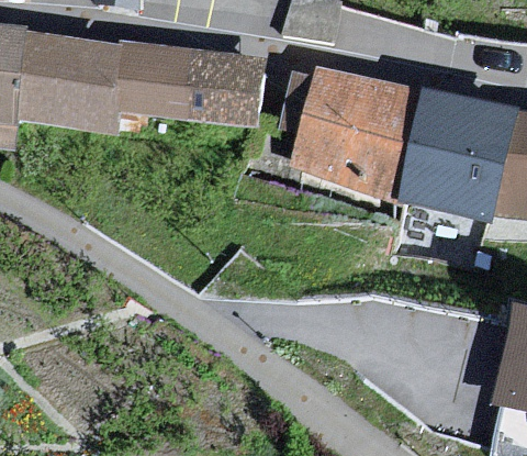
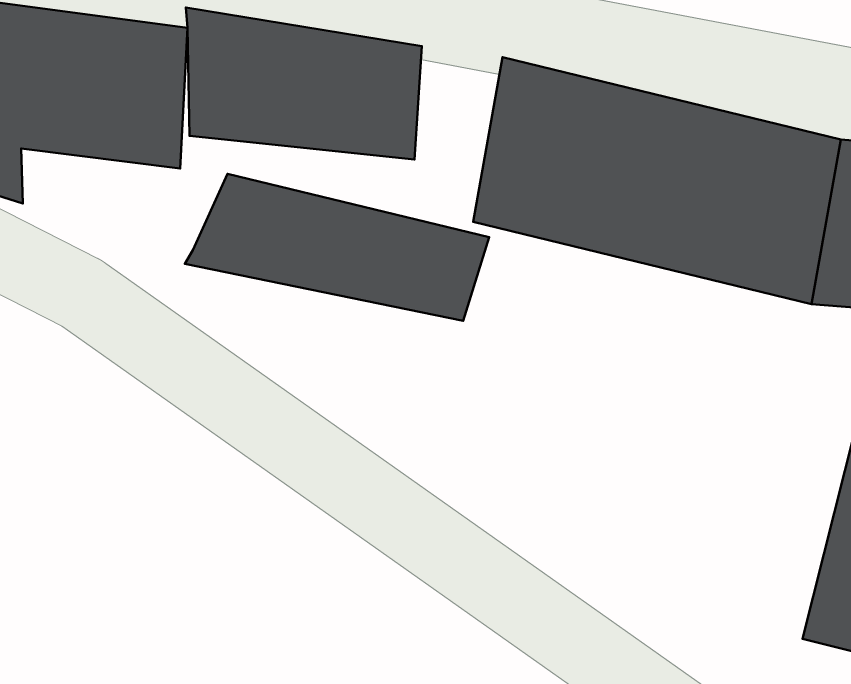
building: none -> [185,174,489,321]

